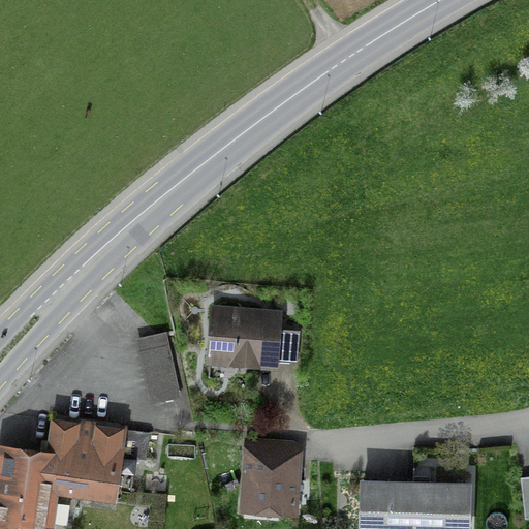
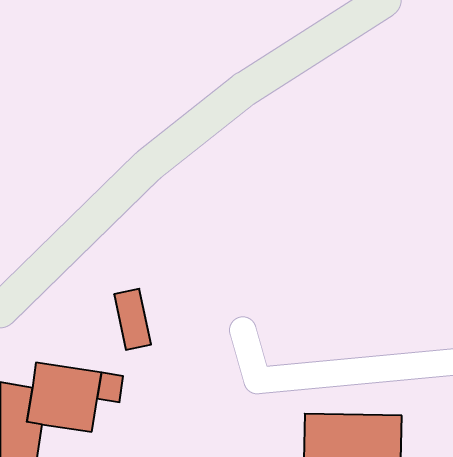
building: [203,307,283,374] -> none
building: [240,442,303,516] -> none

